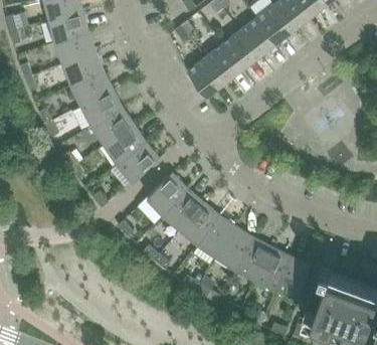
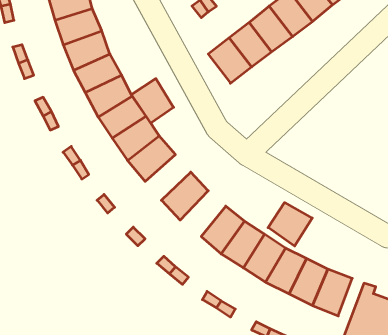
building: none -> [132,79,174,123]
building: [163,190,202,229] -> none
building: none -> [268,203,312,246]

